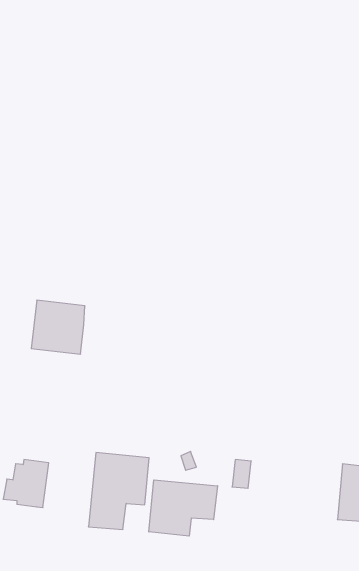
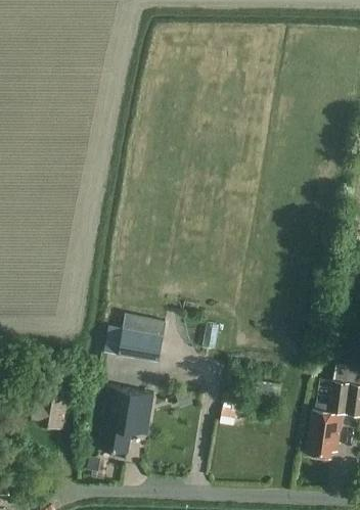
building: [31,300,85,354] -> [119,315,166,362]
building: [149,480,218,536] -> none

